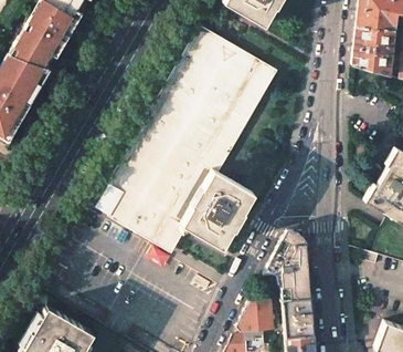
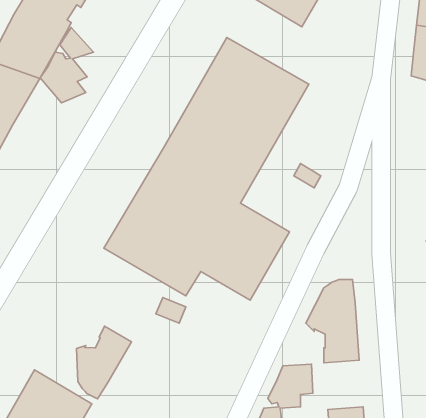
building: none -> [40,28,93,103]
building: none -> [76,326,131,399]
building: [282,298,314,338] -> none

